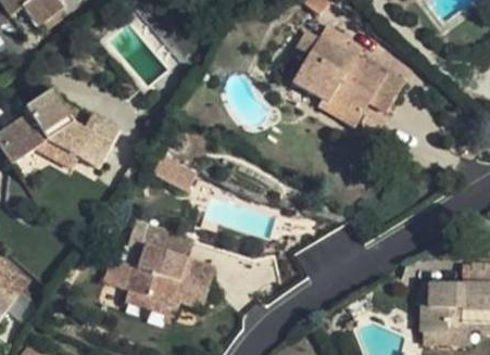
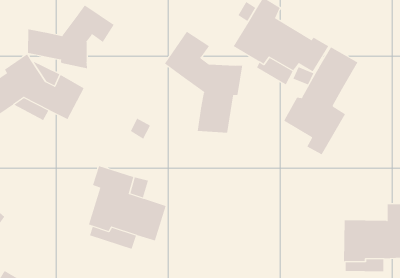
building: none -> [28,5,115,69]
building: none -> [164,31,243,133]
building: none -> [284,46,358,155]

